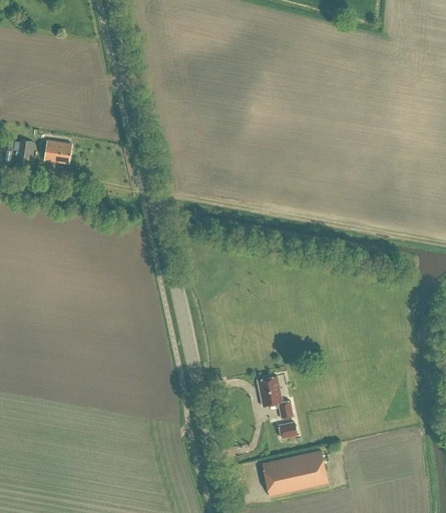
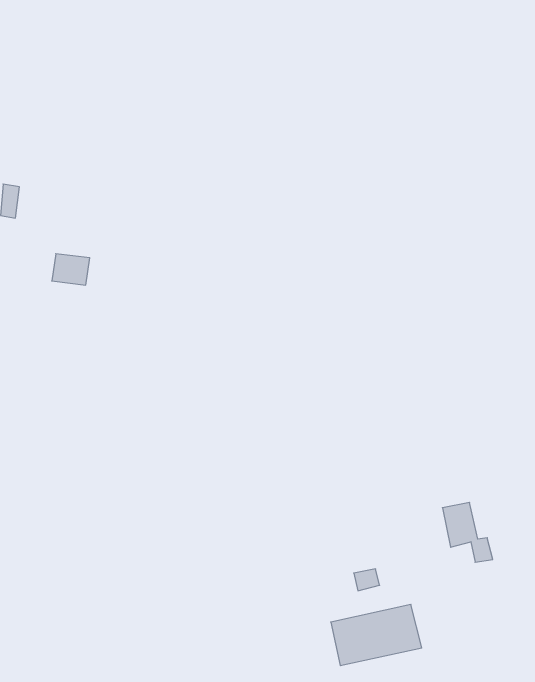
building: [43,140,71,163] -> [52,254,90,285]
building: [257,376,294,420] -> [442,502,493,562]

